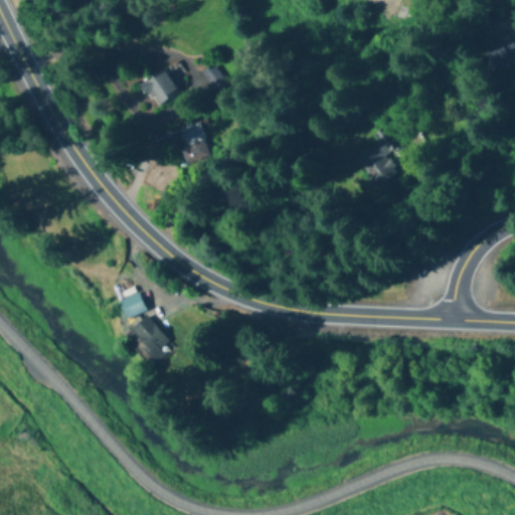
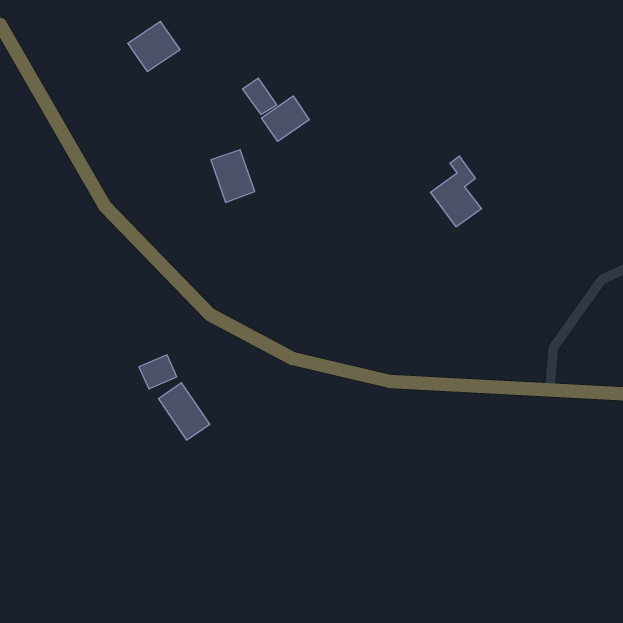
building: [139,66,182,108] -> [128,21,180,71]
building: none -> [262,96,309,141]

